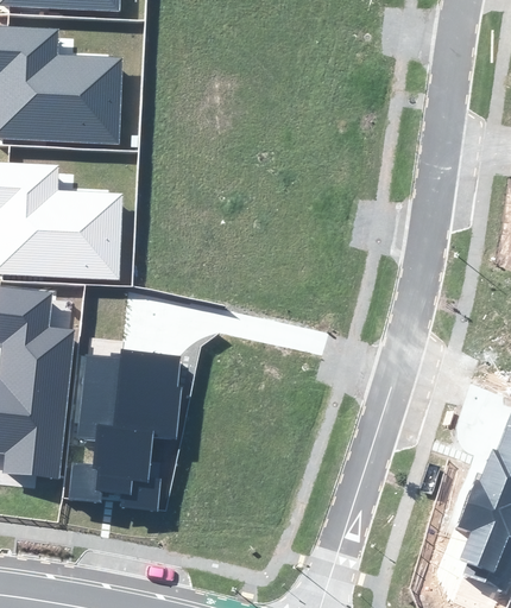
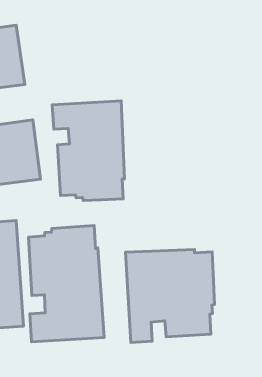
building: none -> [52,101,125,200]
building: none -> [126,250,215,343]

